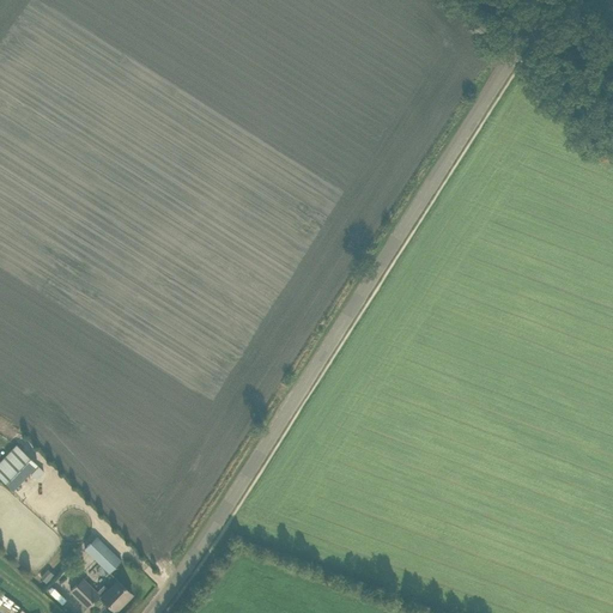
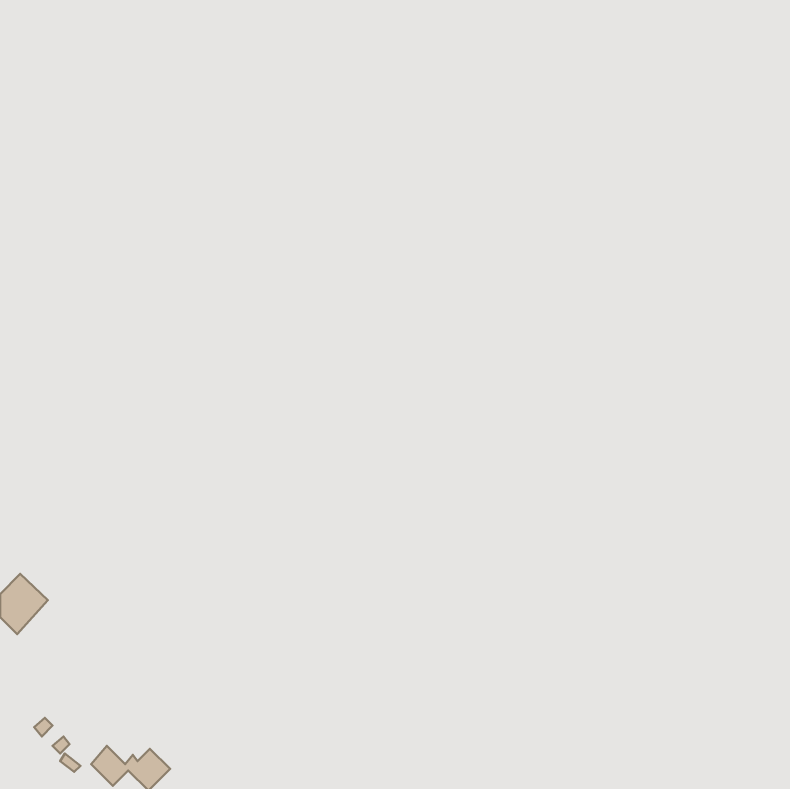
building: [85,538,121,573] -> none

